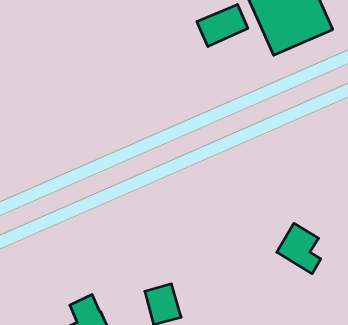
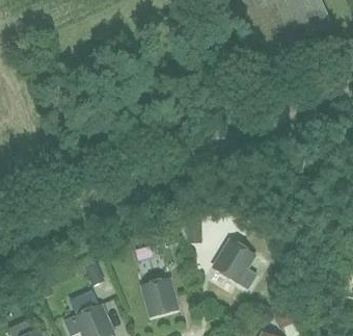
building: [197,4,248,47] -> none
building: [277,223,321,274] -> [214,239,256,288]

